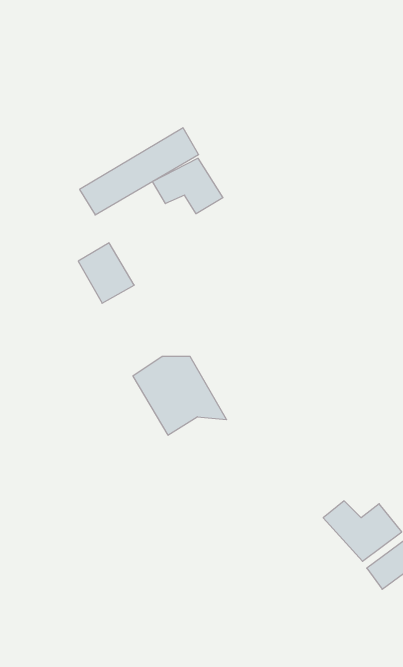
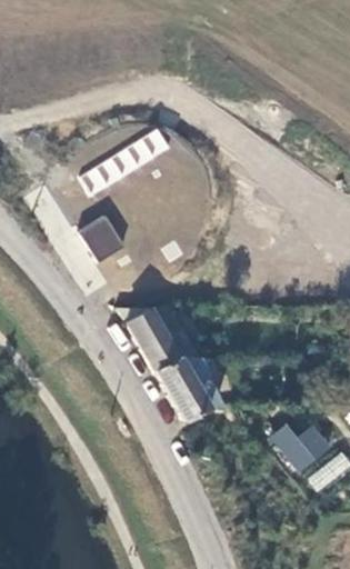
building: [152,158,223,214] -> none
building: none -> [148,357,222,421]

